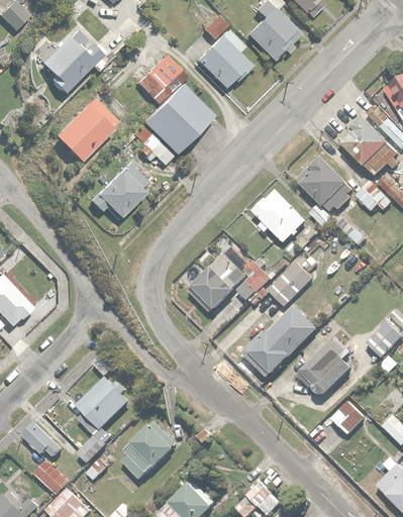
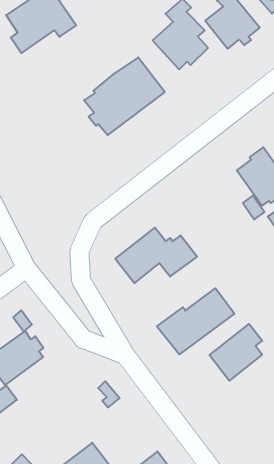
building: [137,56,186,103] -> none
building: [53,97,115,160] -> none
building: [87,158,149,218] -> none
building: [250,190,306,243] -> none
building: [269,260,315,307] -> none
building: [328,399,365,435] -> none
building: [122,422,178,482] -> none

